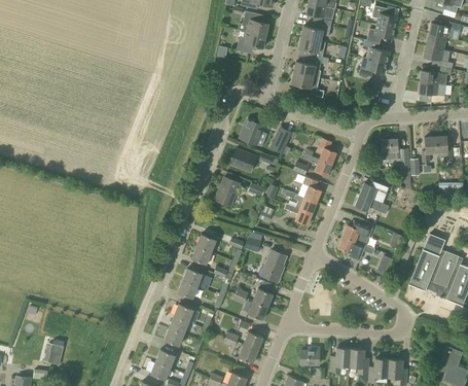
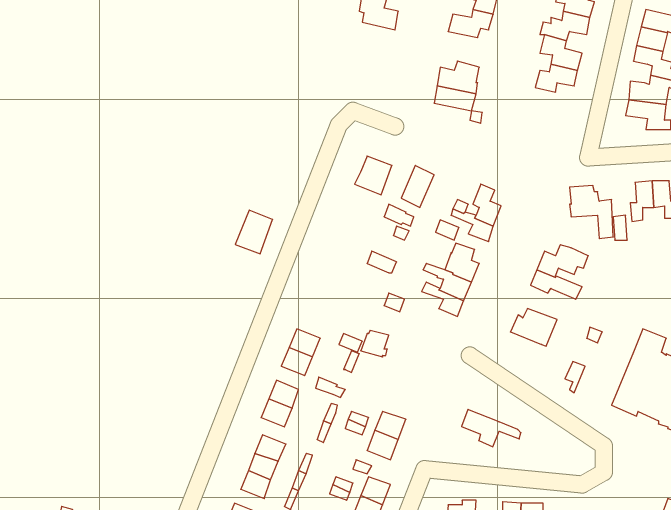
building: [236,31,265,54] -> none
building: [298,37,325,61] -> none
building: [228,148,256,172] -> none
building: [214,177,239,206] -> [235,210,273,254]
building: [337,236,376,260] -> [462,409,521,447]
building: [260,249,286,282] -> none

